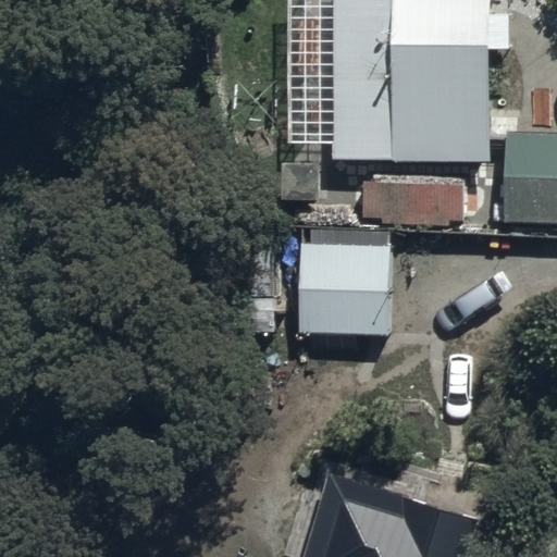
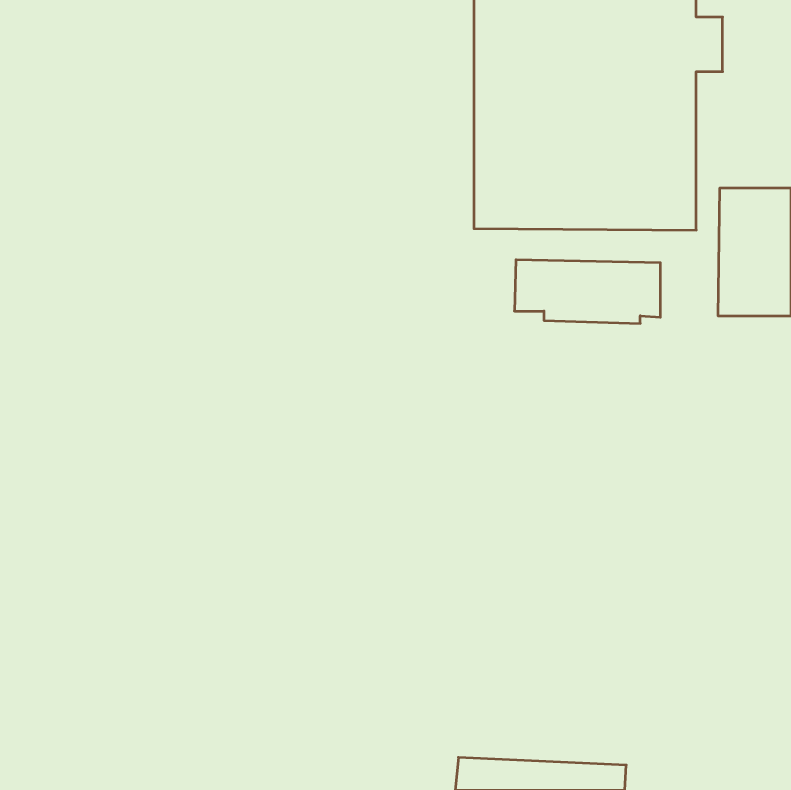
building: [298,231,388,335] -> none

